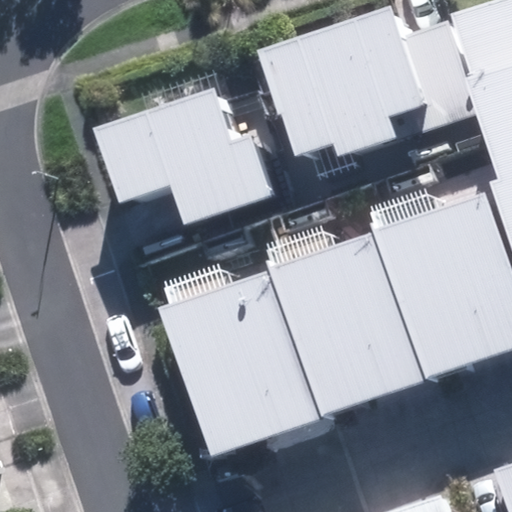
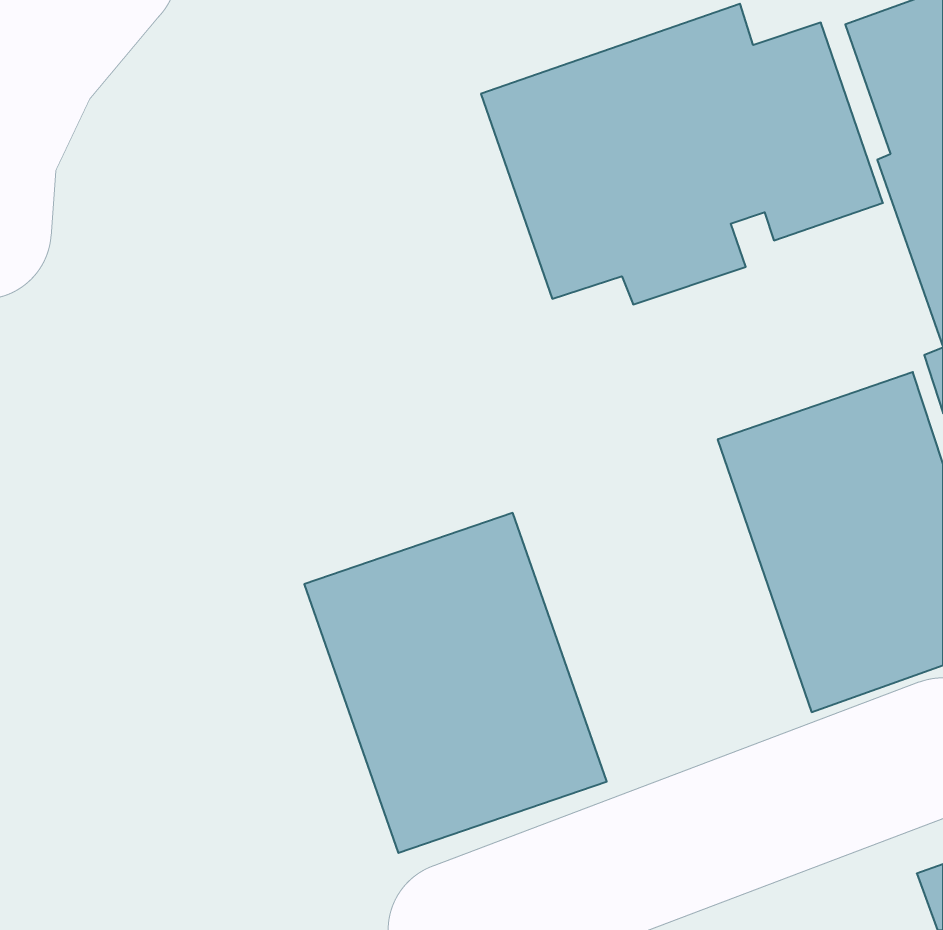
building: [94,92,278,228] -> none
building: [277,236,427,415] -> none

